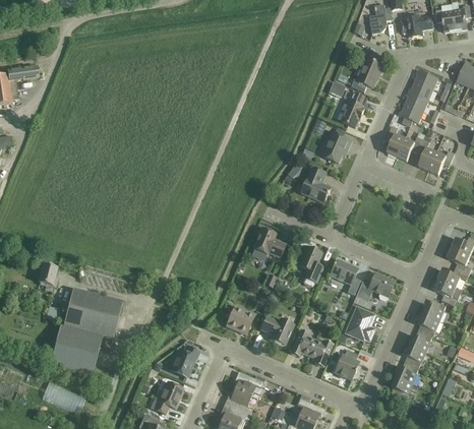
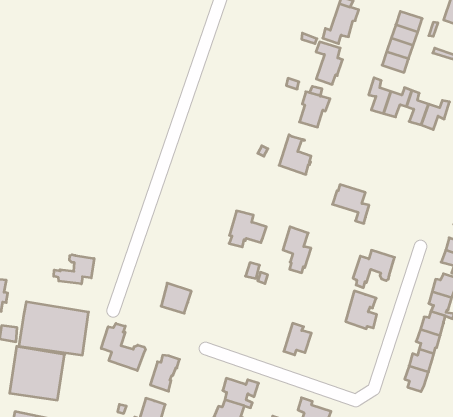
building: none -> [54,255,94,284]
building: [328,259,359,295] -> [332,185,369,223]
building: [226,306,253,333] -> [161,283,191,313]
building: none -> [101,323,145,371]
building: [260,316,292,345] -> none
building: [307,340,332,367] -> none
building: [334,350,358,379] -> none

